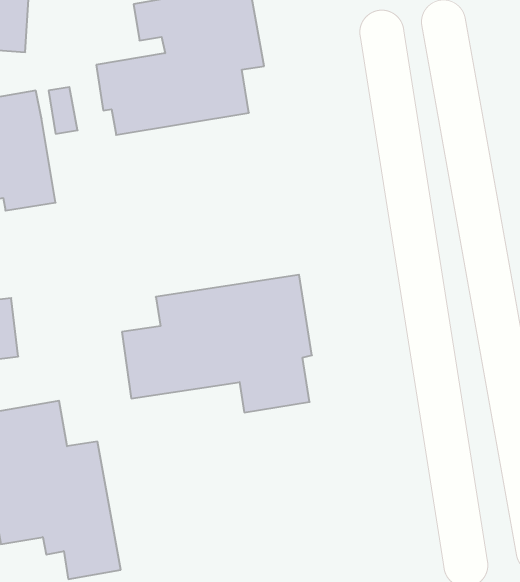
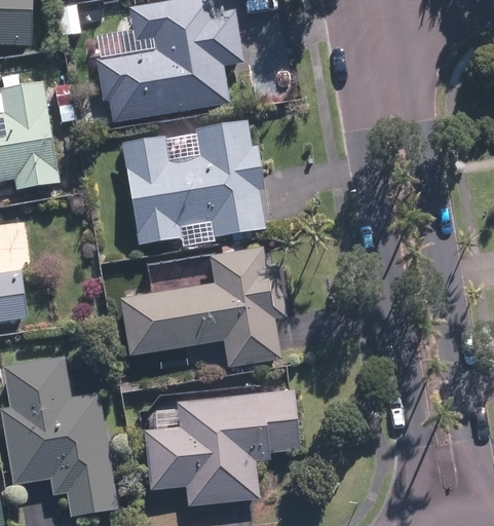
building: none -> [121,121,265,247]
building: none -> [143,390,301,504]

